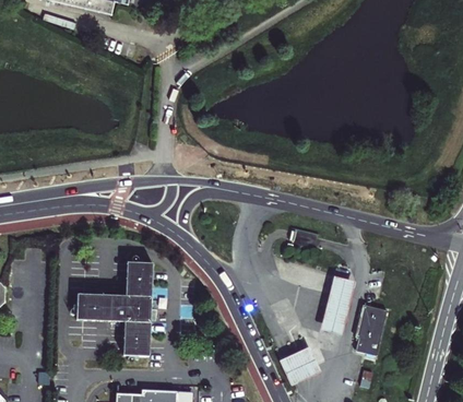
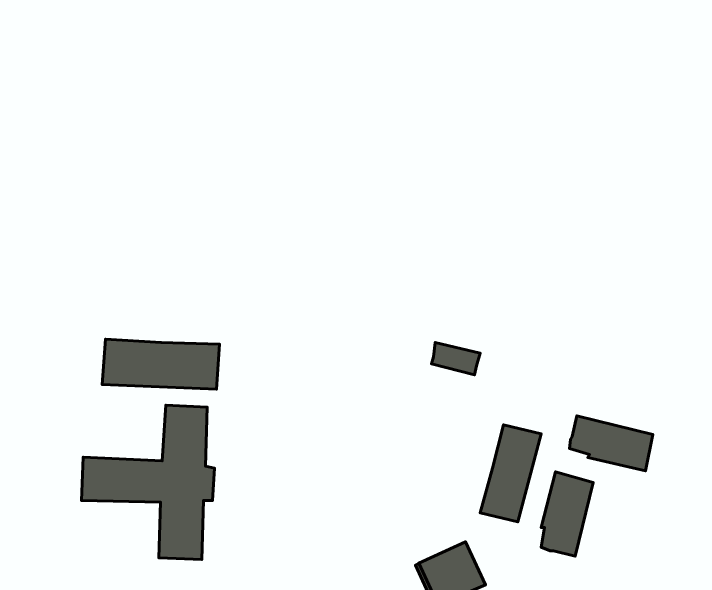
building: none -> [102,339,220,389]
building: none -> [570,416,653,471]

